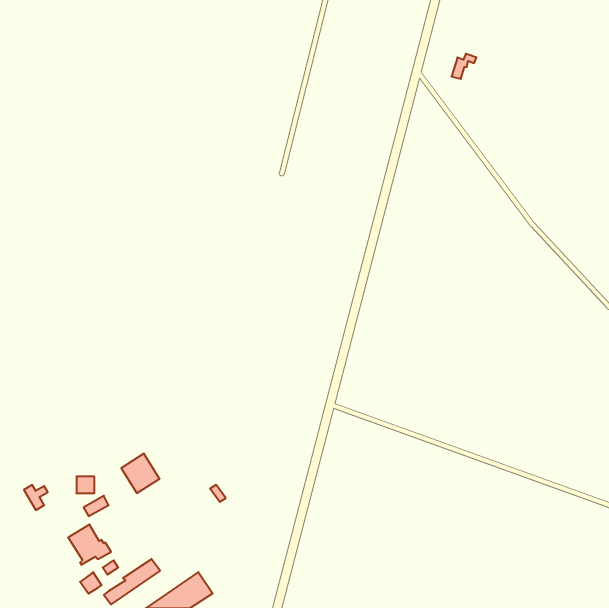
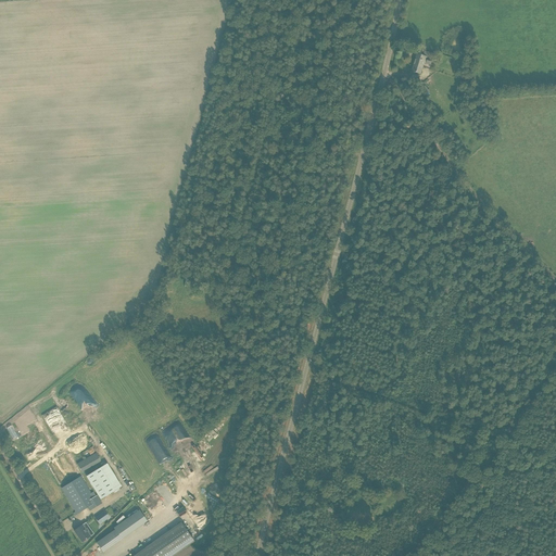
building: [121,454,160,493] -> [85,462,119,497]

